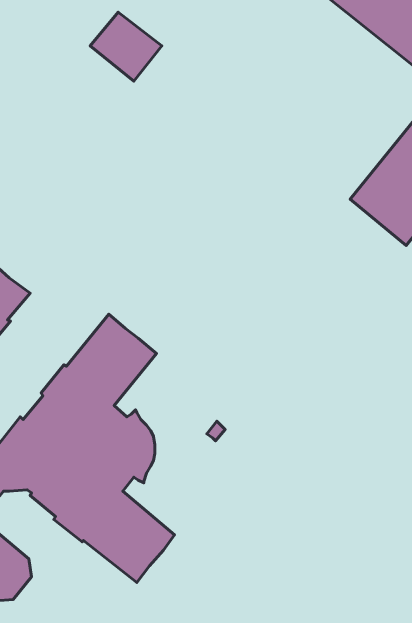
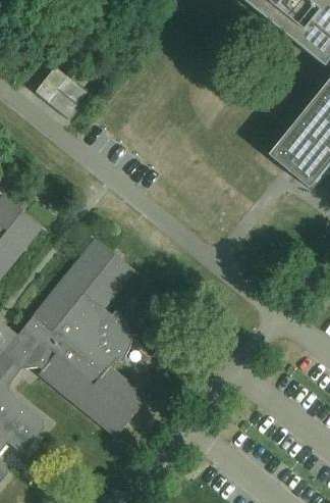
building: [90,12,162,81] -> [33,66,85,116]

